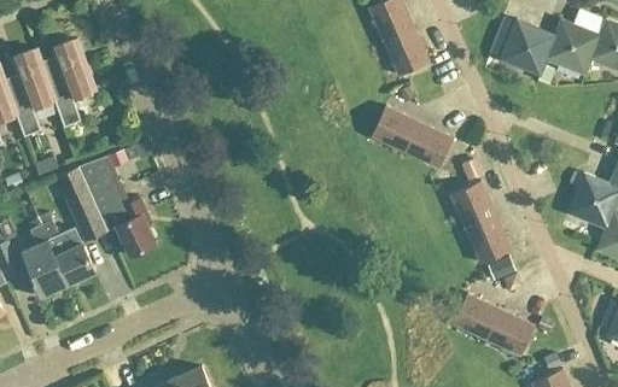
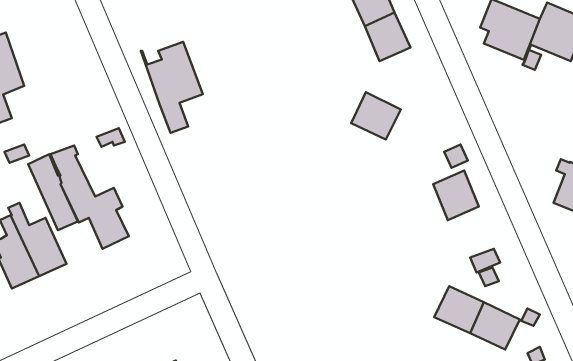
building: [36,40,97,128] -> [141,42,203,133]
building: [406,123,454,169] -> none
building: [466,217,512,264] -> none

